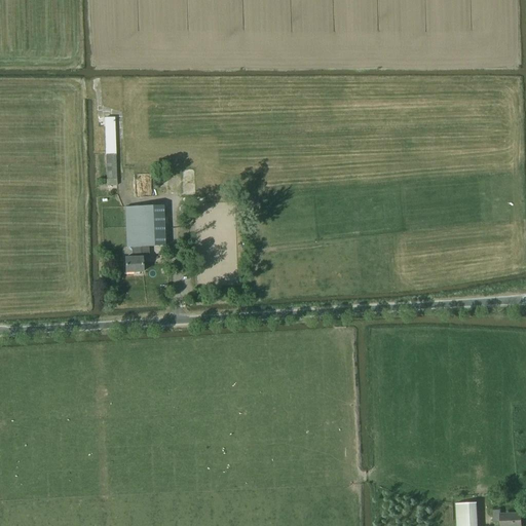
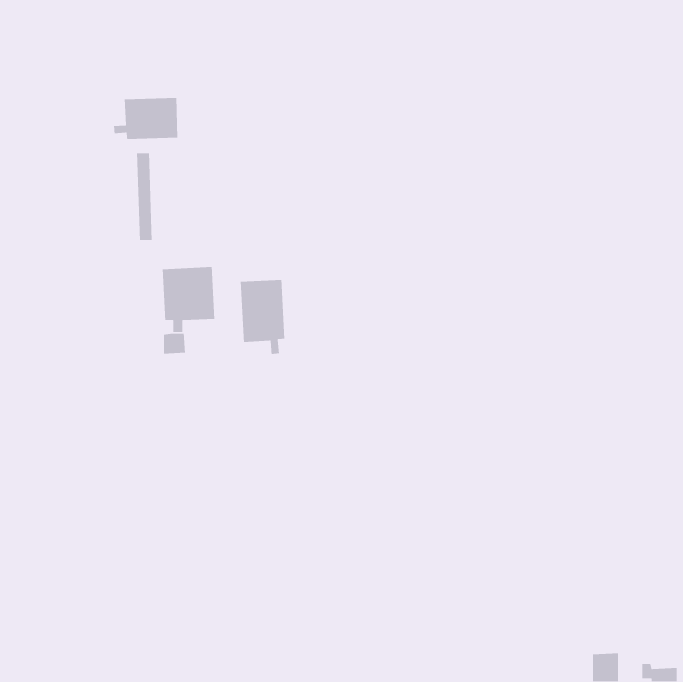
building: none -> [113,97,178,140]
building: none -> [240,279,285,355]

